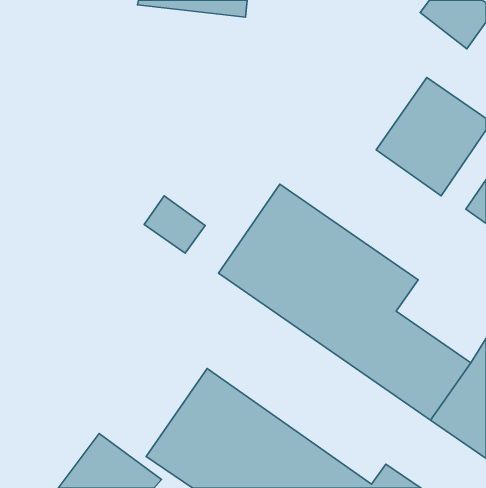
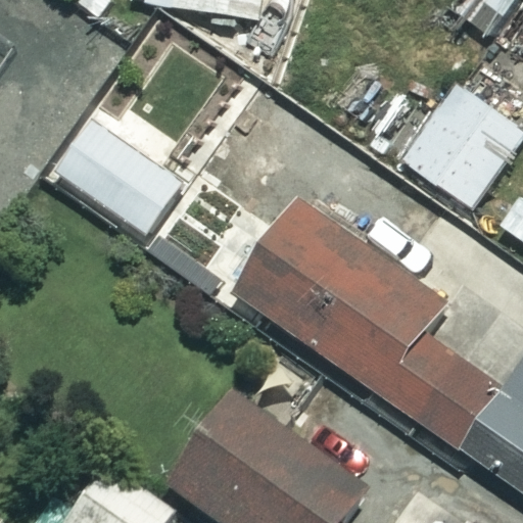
building: none -> [56,120,181,232]

